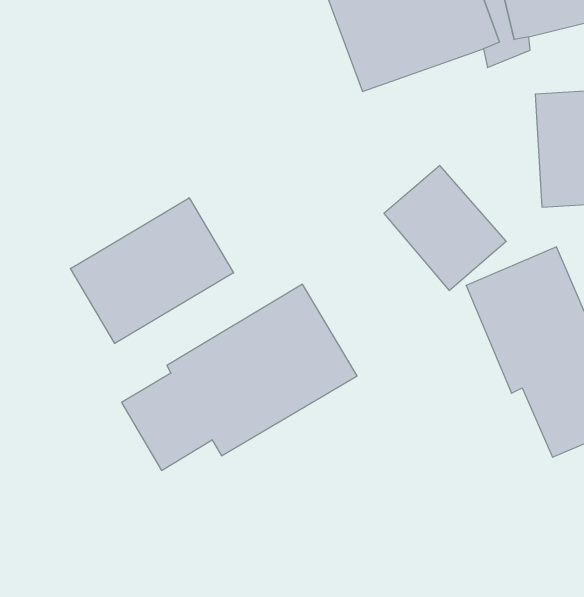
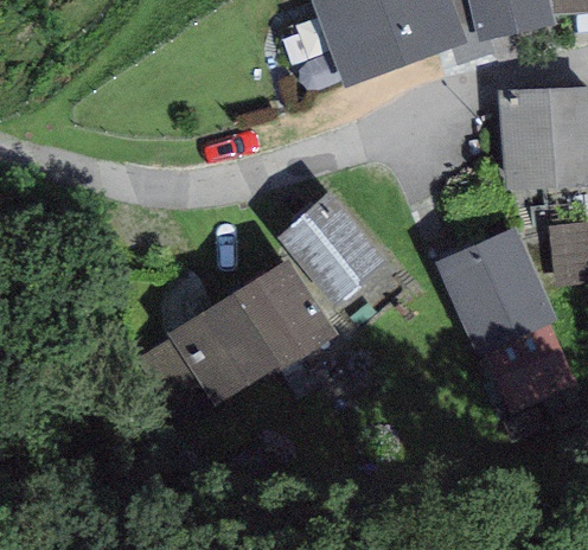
building: [384,165,506,290] -> [279,191,388,302]
building: [70,198,234,343] -> none

